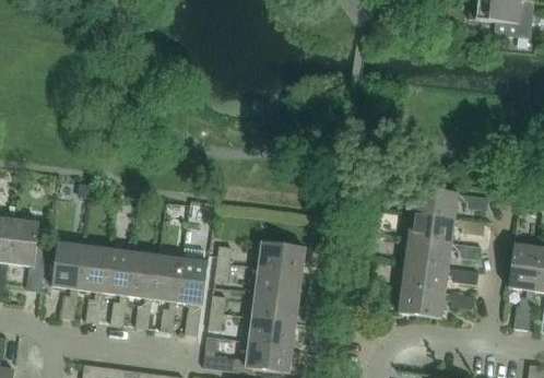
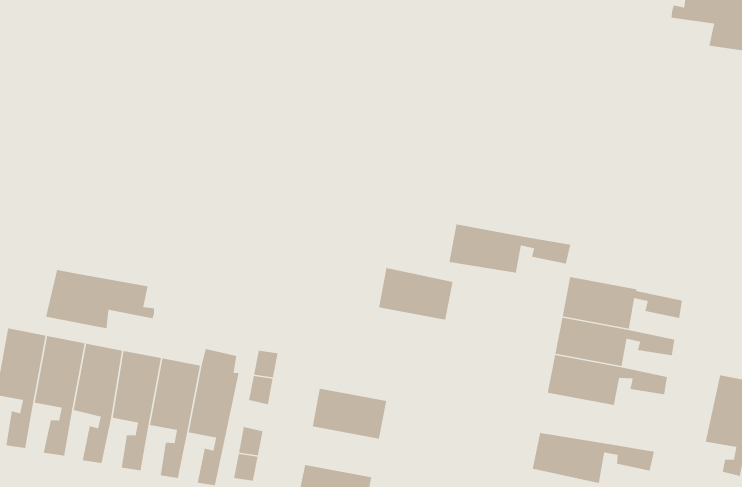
building: none -> [45,269,155,329]
building: [259,241,306,273] -> [378,267,454,321]
building: [401,262,478,292] -> [448,223,571,273]
building: [252,293,299,322] -> none

